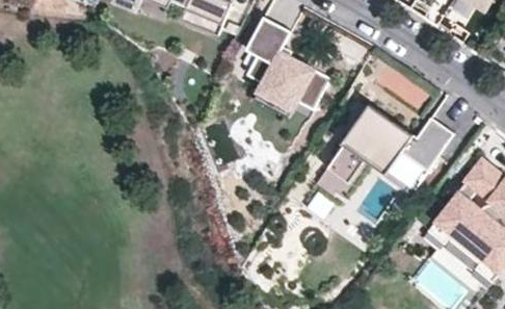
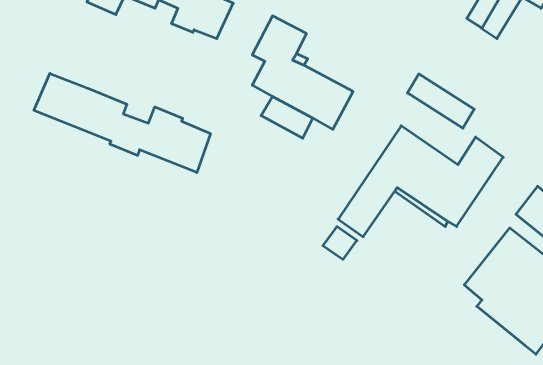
building: none -> [34,73,210,173]

